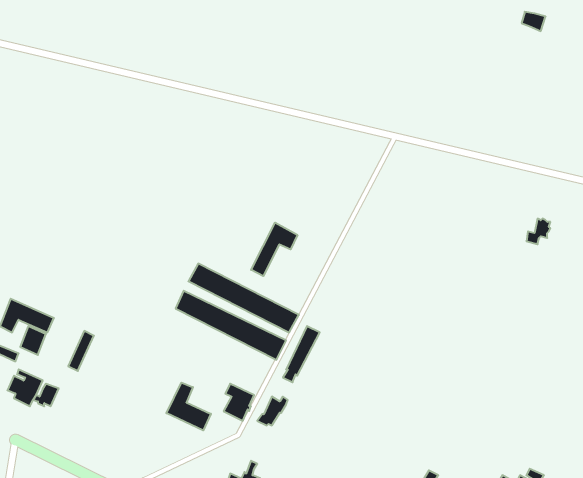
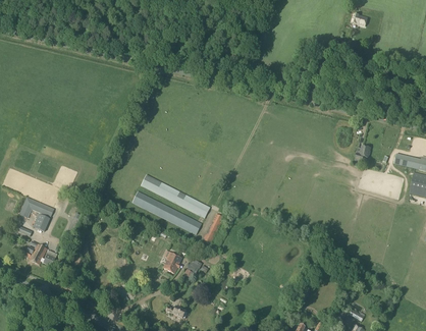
building: [251,223,297,276] -> none
building: [166,383,211,430] -> none

